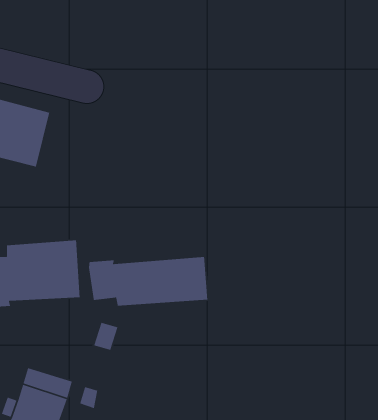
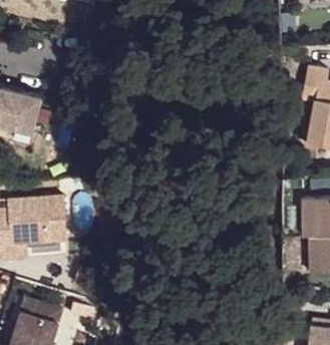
building: [88,256,208,307] -> none

